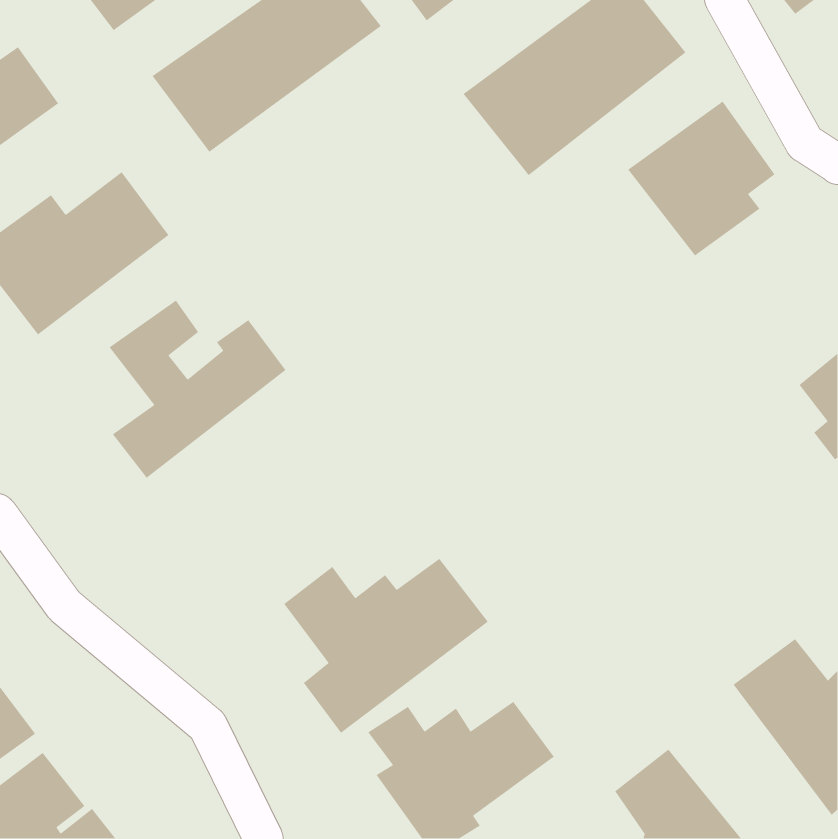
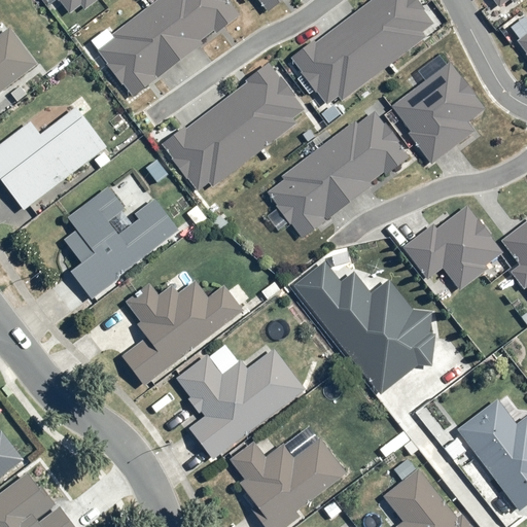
building: none -> [162,64,306,188]
building: none -> [268,112,409,238]
building: none -> [405,209,500,284]
building: none -> [293,260,435,393]
building: none -> [120,281,243,386]

